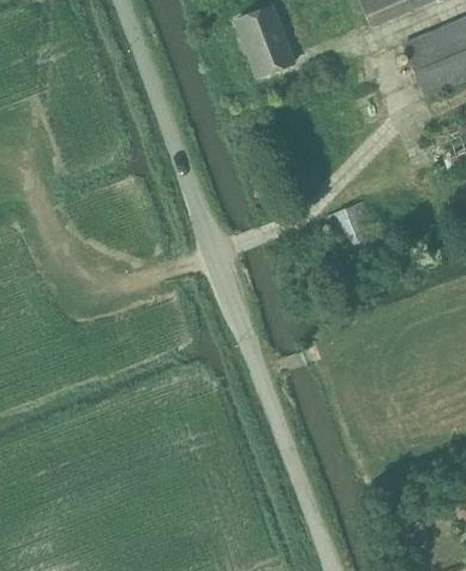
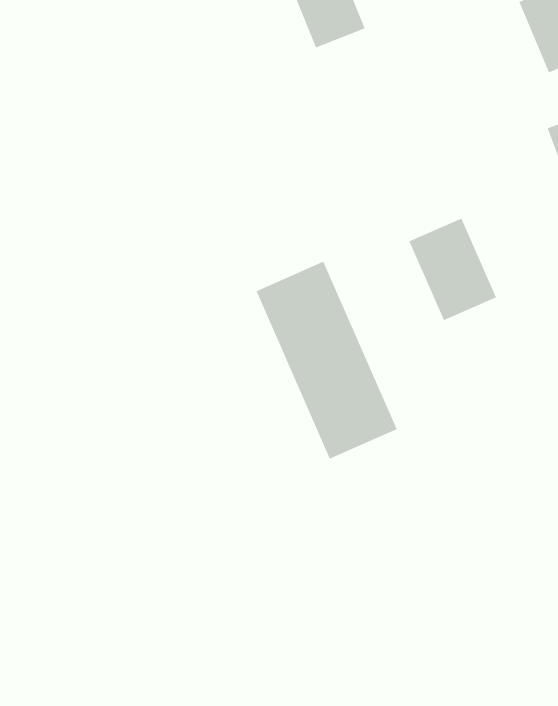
building: none -> [256,261,397,460]

